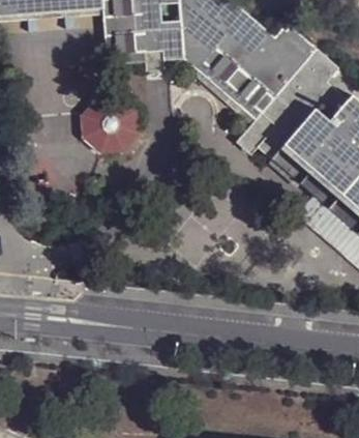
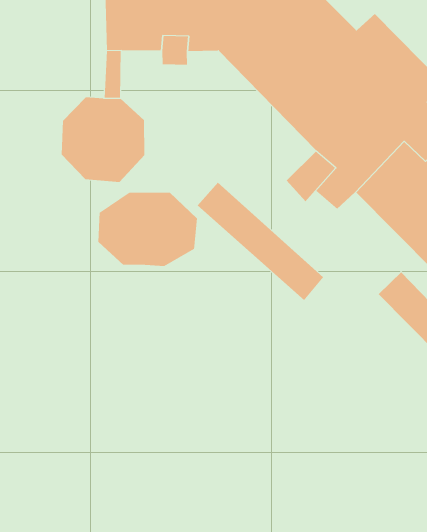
building: none -> [197,182,324,301]
building: none -> [98,192,198,267]

